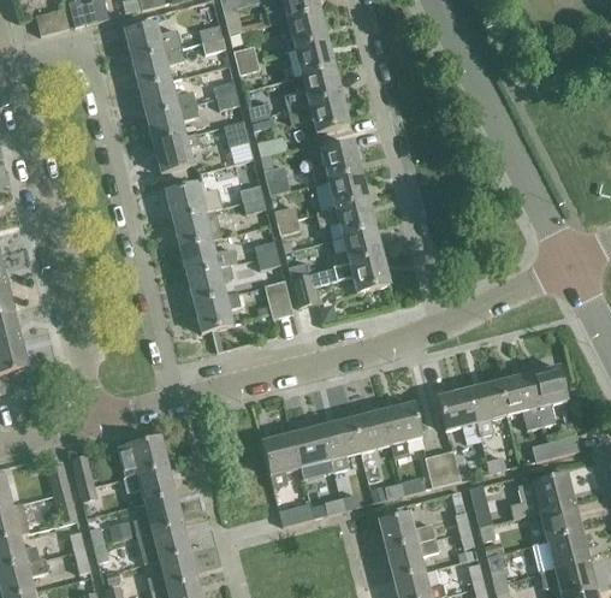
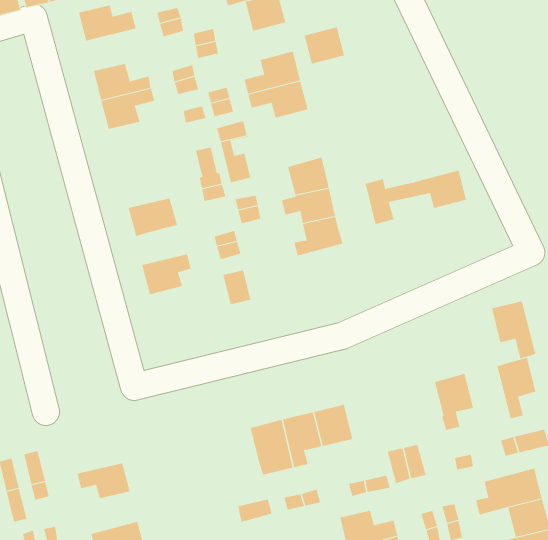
building: [292,41,332,77] -> [304,27,345,64]
building: [131,47,184,88] -> none
building: [153,134,200,172] -> none
building: [310,143,360,183] -> none
building: [165,180,221,220] -> none
building: [179,239,236,276] -> none
building: [289,255,387,308] -> [365,170,467,225]
building: [192,294,241,332] -> none
building: [498,373,541,430] -> [491,301,536,359]
building: [435,389,476,430] -> none
building: [381,402,421,461] -> none
building: [260,433,298,487] -> none
building: [117,437,167,476] -> none
building: [132,495,182,535] -> none

